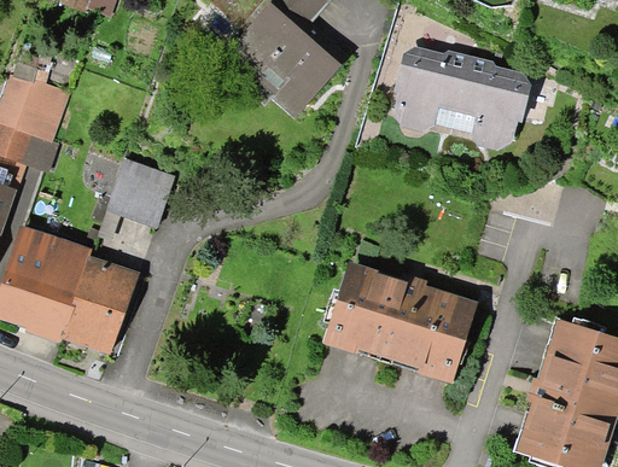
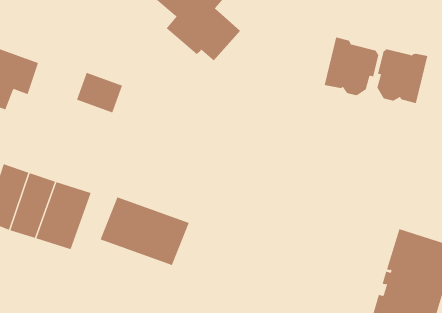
building: [398,52,468,127] -> [376,49,428,104]
building: [107,169,170,224] -> [76,72,123,113]
building: [331,264,471,379] -> none
building: none -> [100,197,189,266]

